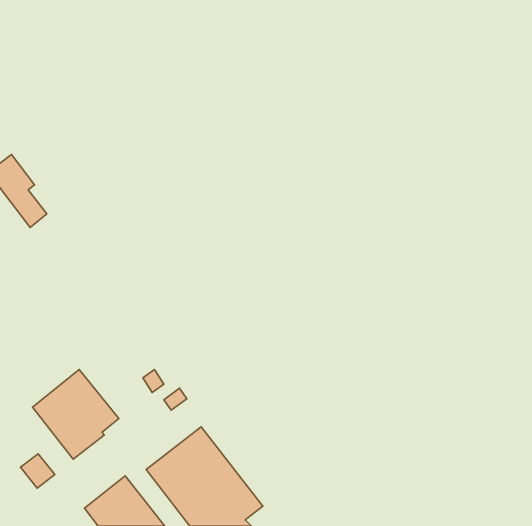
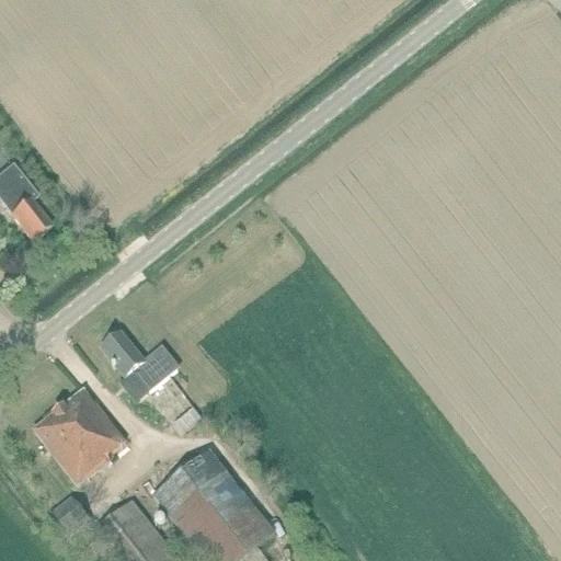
building: none -> [102,331,178,389]
building: [20,454,55,488] -> [53,496,89,533]

